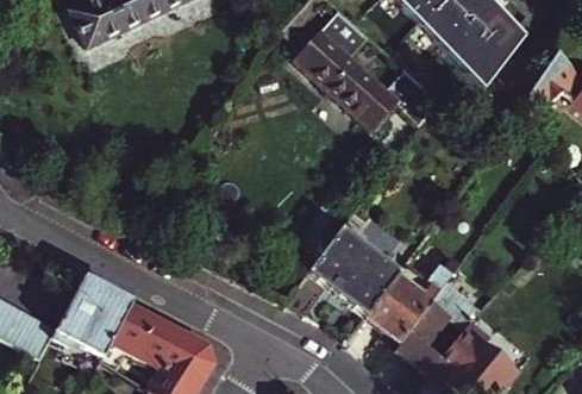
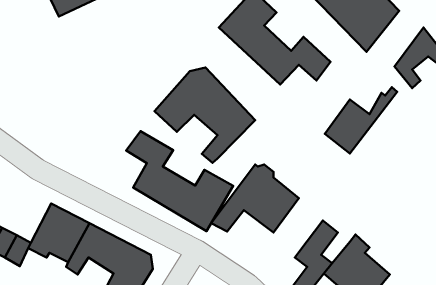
building: none -> [154,68,255,163]
building: none -> [126,131,233,231]
building: [365,258,458,343] -> [325,87,397,153]

